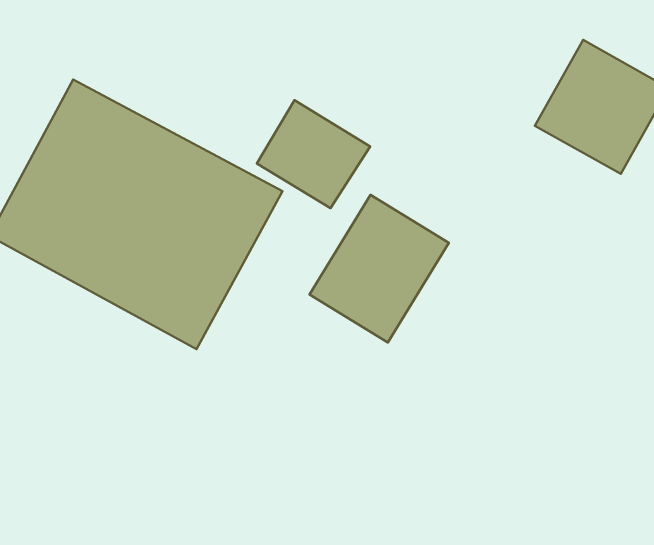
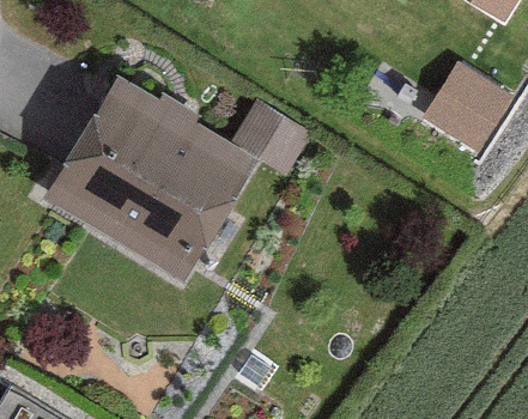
building: [310,195,449,343] -> none

